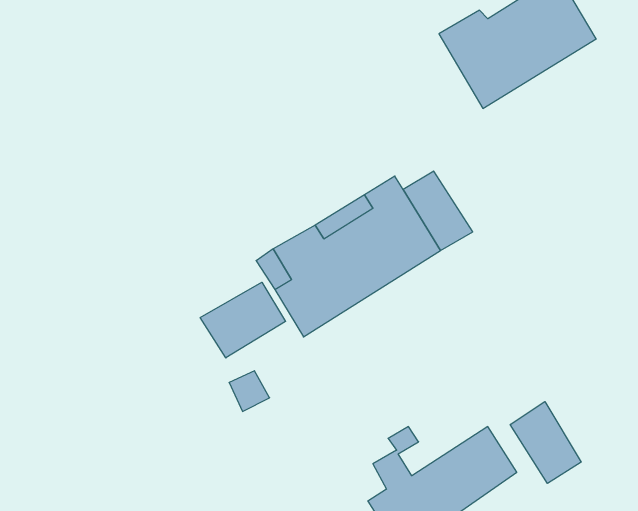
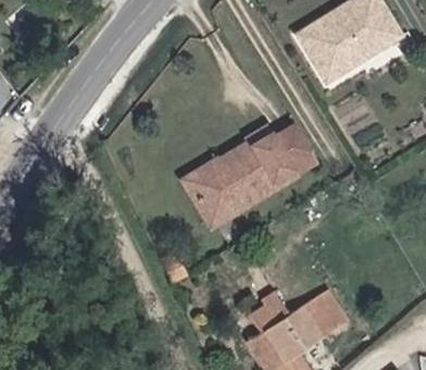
building: [200,282,286,358] -> none
building: [510,402,581,483] -> none

